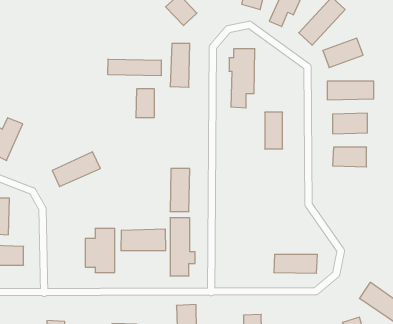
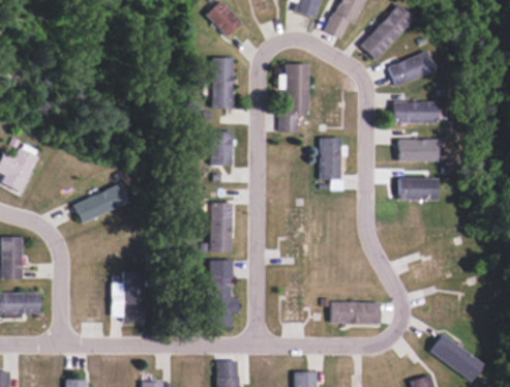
building: [108,59,161,76] -> none
building: [136,89,154,117] -> [210,131,232,165]
building: [121,229,166,251] -> none

